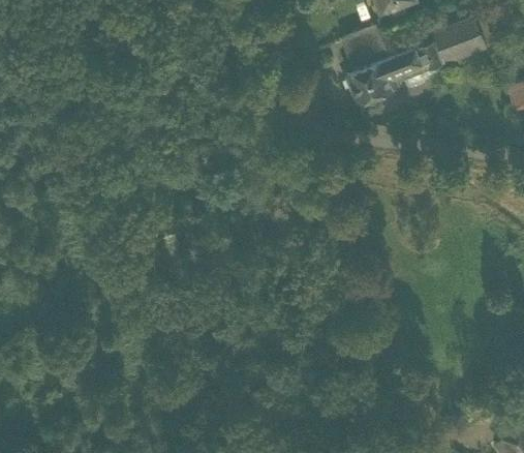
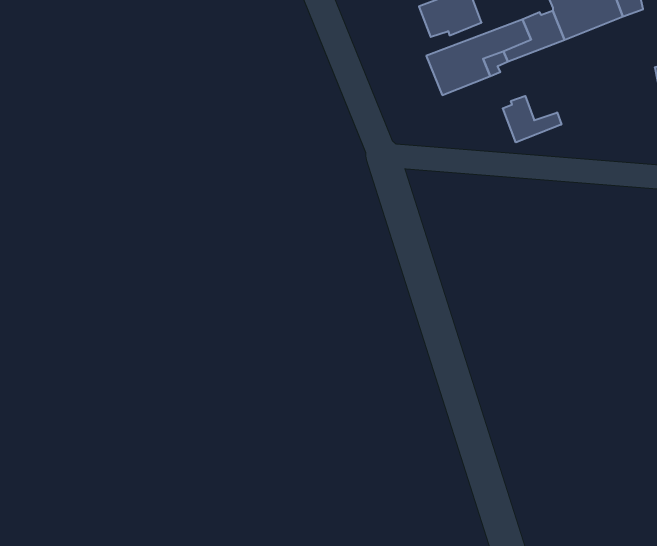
building: none -> [503,96,561,142]

